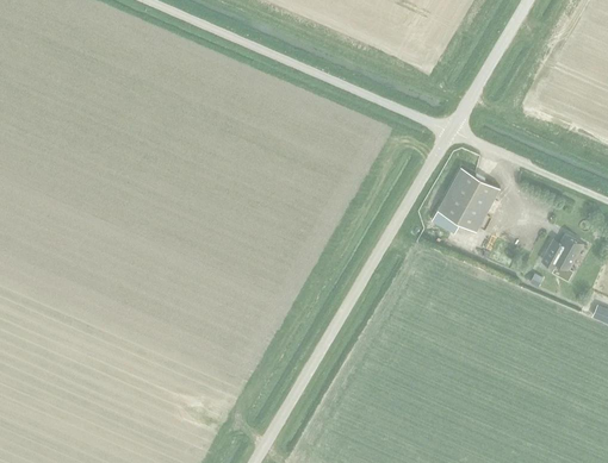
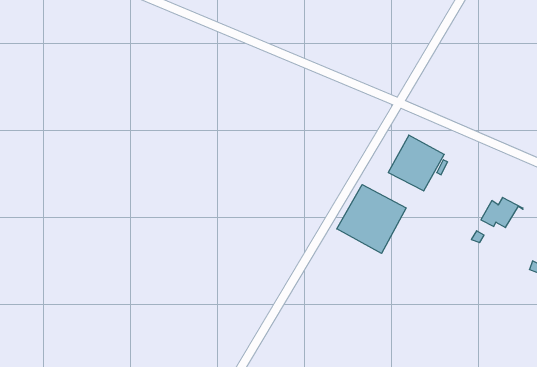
building: none -> [337,185,406,253]

